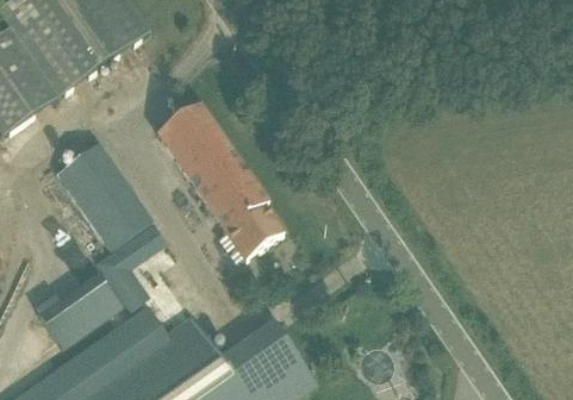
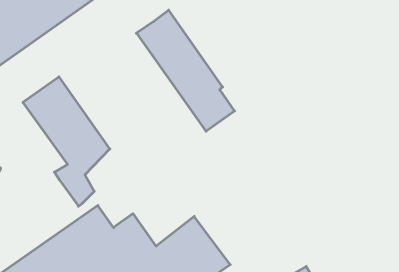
building: [157,104,284,260] -> [136,10,235,131]
building: [41,274,122,348] -> none

